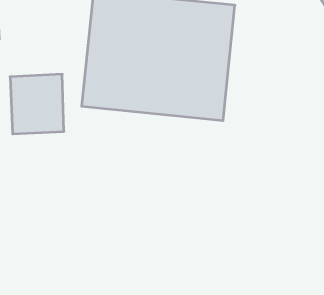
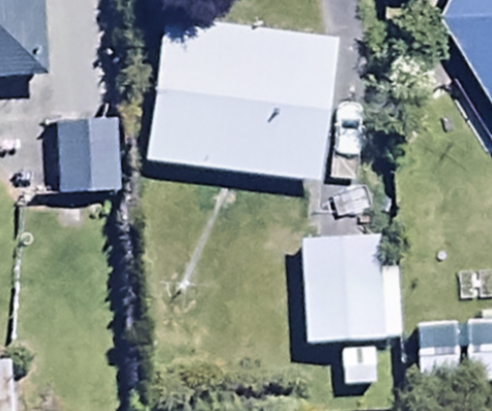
building: none -> [306,235,386,346]

